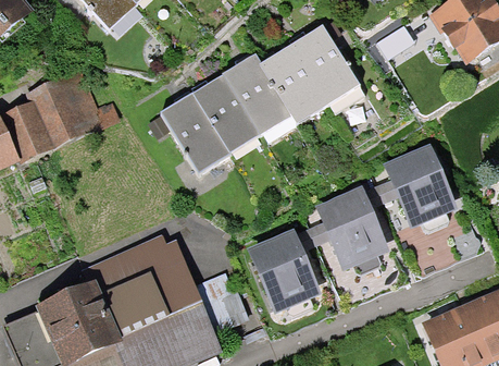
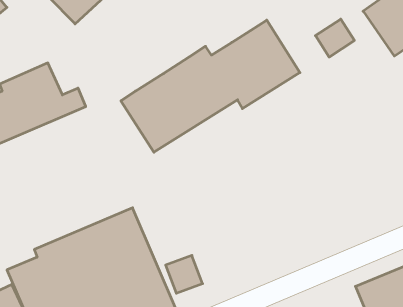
building: [383,144,457,228] -> none
building: [314,185,389,270] -> none
building: [246,229,322,314] -> none

